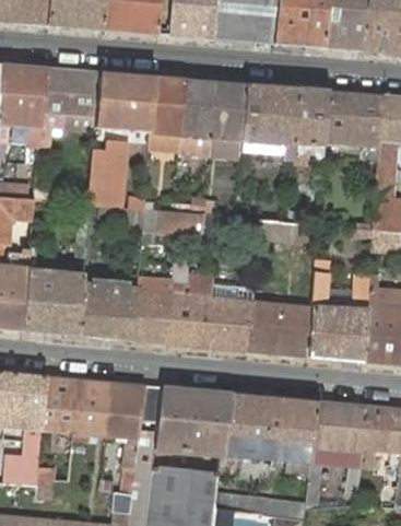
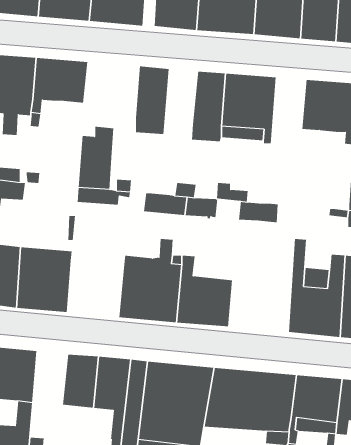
building: [94,71,153,130] -> none
building: [179,79,214,153] -> none
building: [293,87,328,147] -> none
building: [78,280,137,340] -> none
building: [247,301,312,355] -> none
building: [42,375,78,432] -> none

